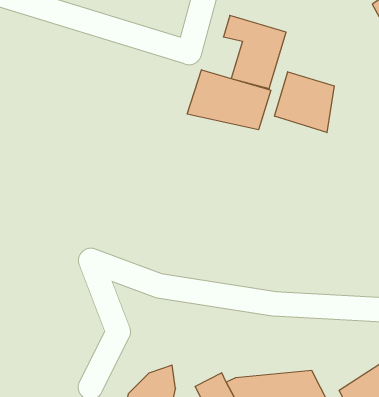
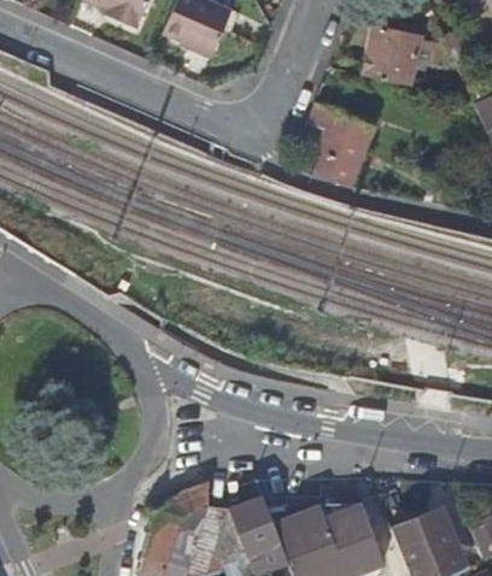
building: [187,70,271,130] -> none
building: [275,72,334,133] -> none

